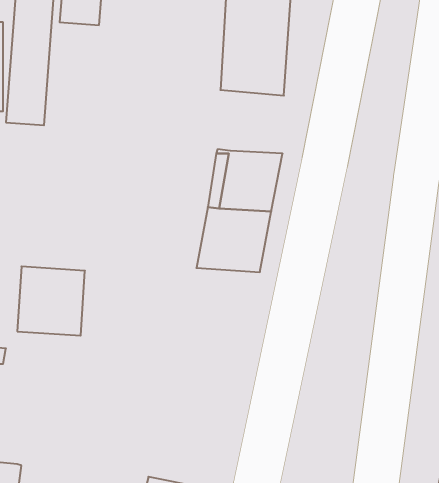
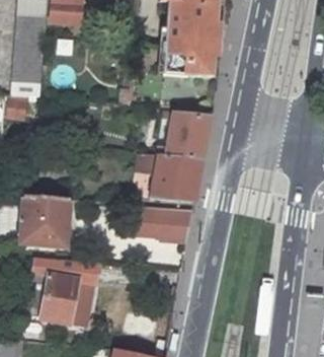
building: none -> [138,206,193,241]
building: none -> [24,258,101,328]

